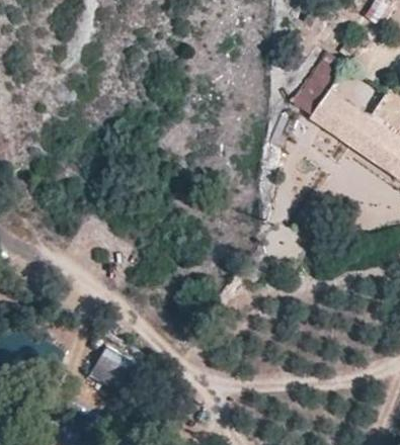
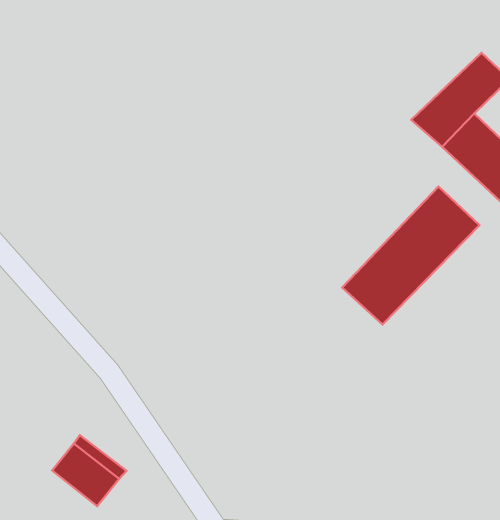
building: none -> [342,186,480,325]

